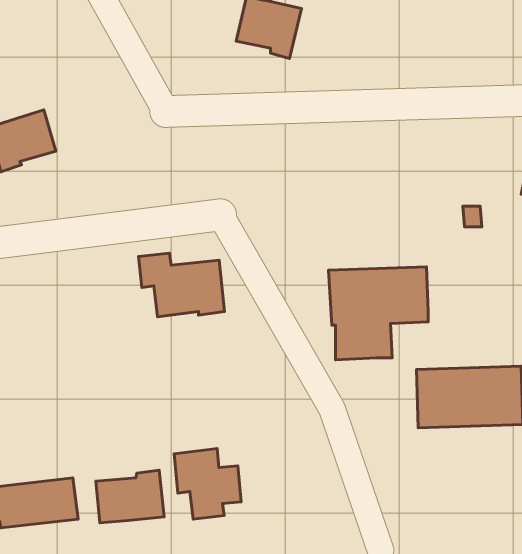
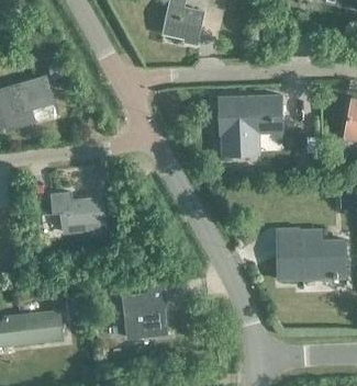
building: [139,253,224,317] -> [51,193,105,234]
building: [329,267,428,360] -> [219,97,282,156]
building: [96,470,164,523] -> none

